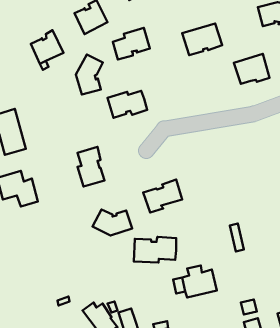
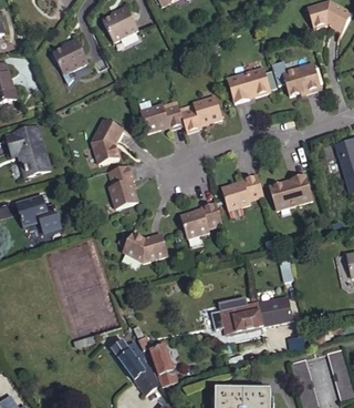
building: [182,23,222,55] -> [225,69,269,104]
building: [113,28,150,60] -> [179,98,220,133]
building: [76,55,103,94] -> [88,121,118,165]
building: none -> [220,175,262,212]
building: none -> [268,175,313,212]
building: [134,237,176,262] -> none
building: none -> [254,295,294,326]

